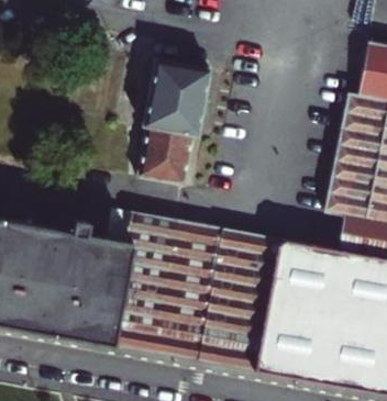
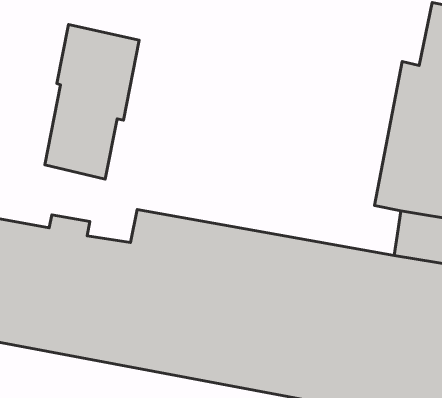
building: [134,51,213,180] -> [45,25,139,179]

